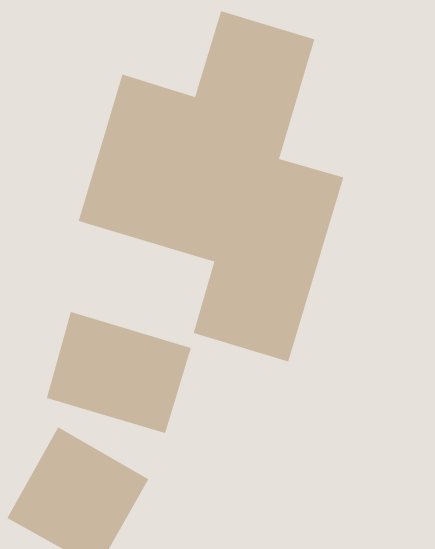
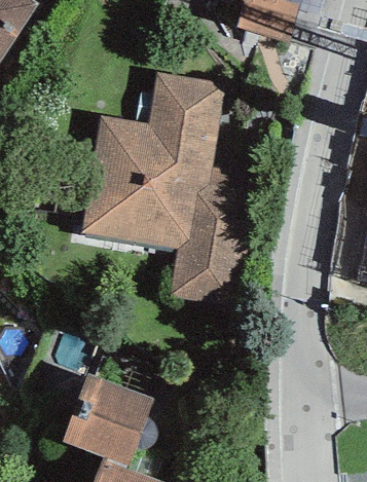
building: [46,311,191,434] -> none

